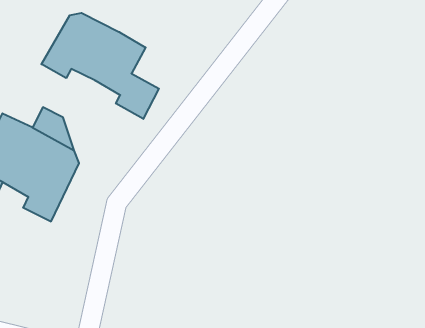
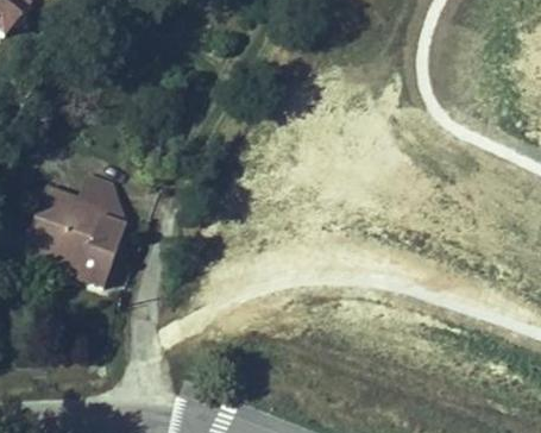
building: [41,13,159,119] -> none

